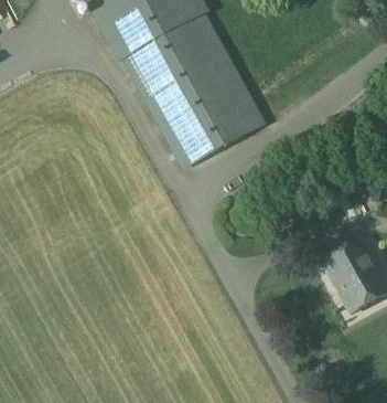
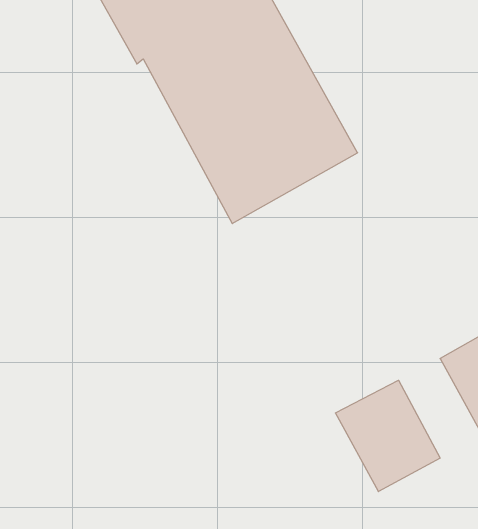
building: none -> [335,380,440,492]

